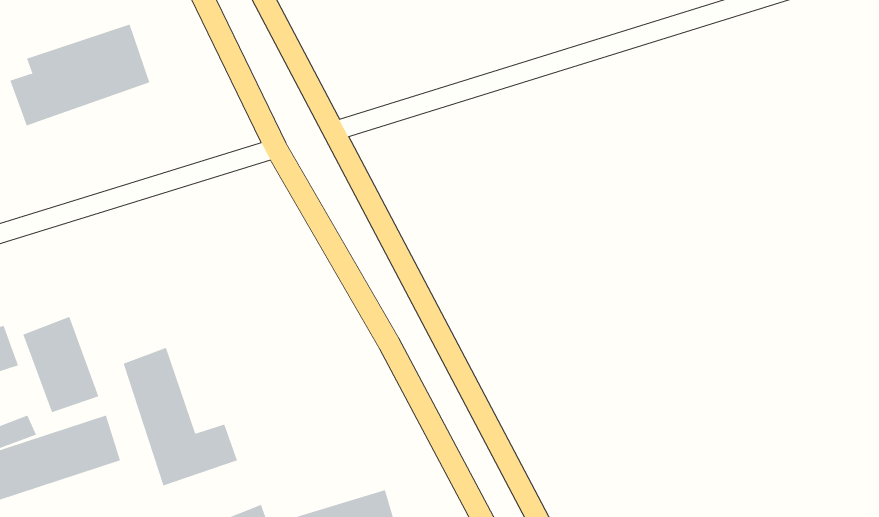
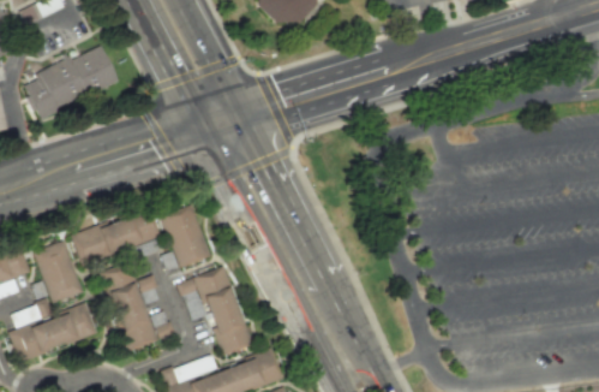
building: none -> [162,204,211,267]
building: none -> [71,209,158,265]
building: none -> [179,266,251,355]

